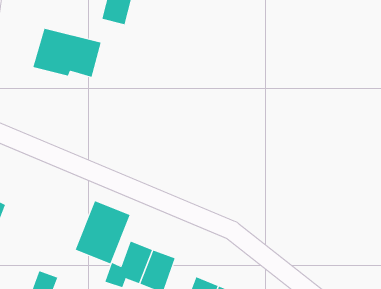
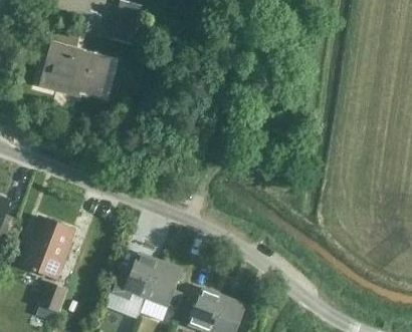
building: [75,201,130,264] -> [21,216,75,278]

